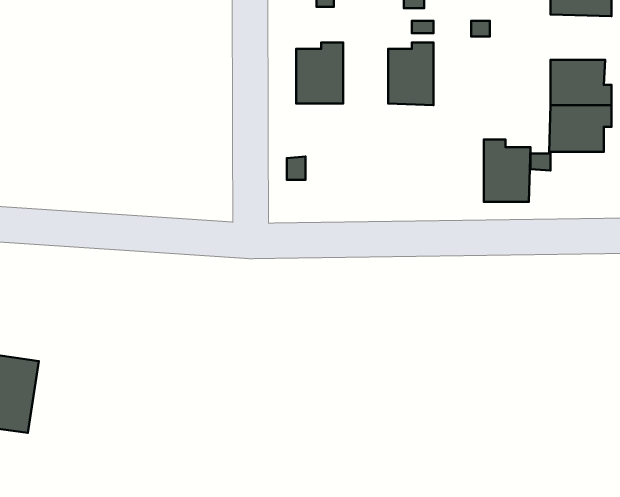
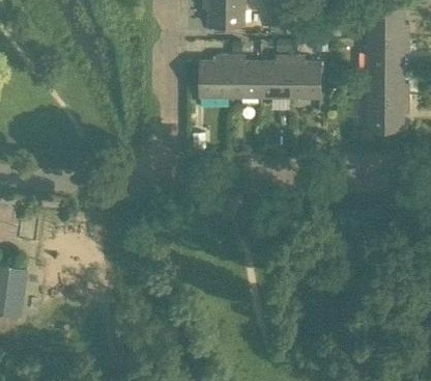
building: none -> [368,37,408,67]
building: none -> [230,56,260,97]
building: [484,139,531,202] -> [290,56,321,98]

